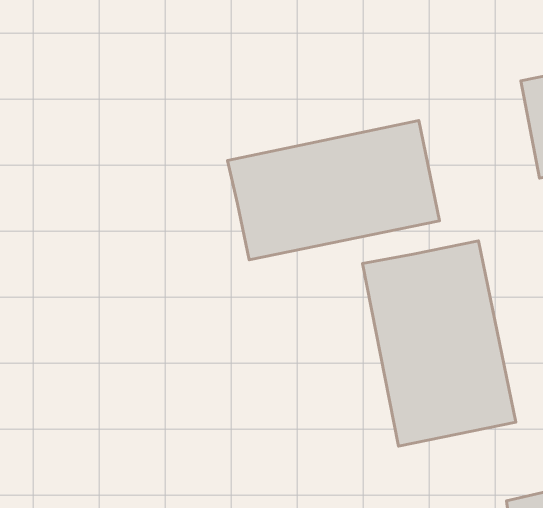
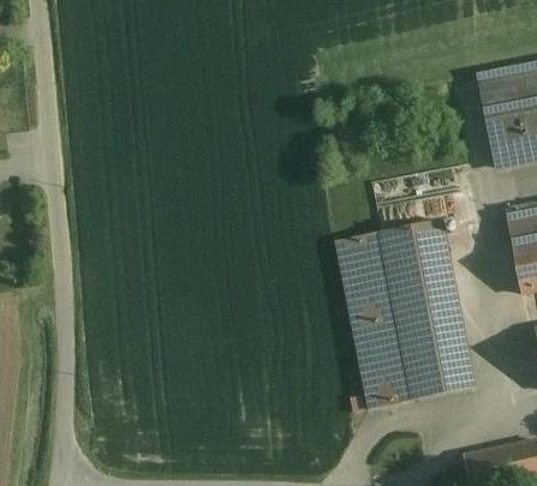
building: [228,120,439,260] -> none

